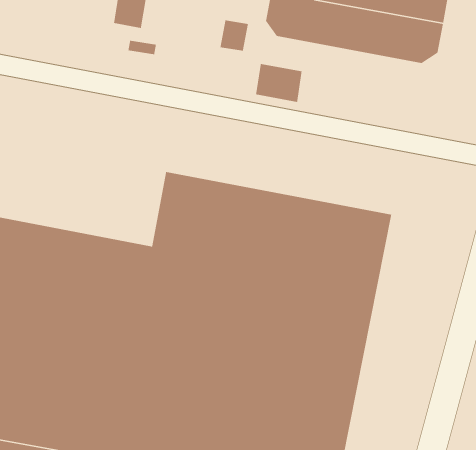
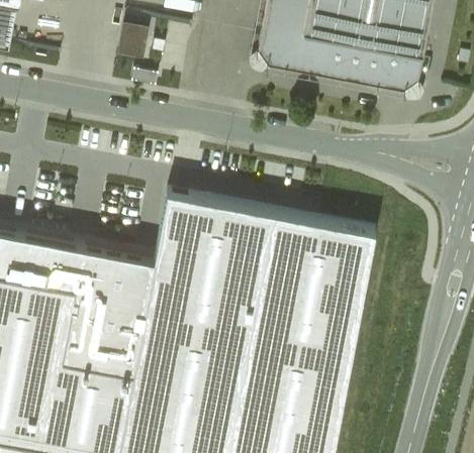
building: [219,20,249,52] -> none
building: [255,63,303,103] -> none

